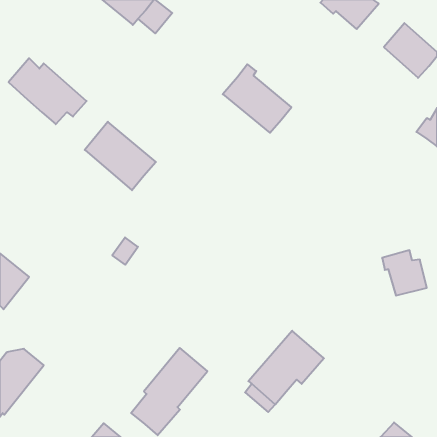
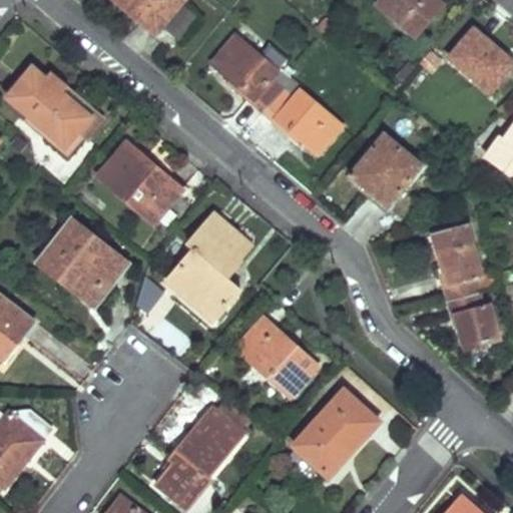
building: none -> [210,35,278,110]
building: none -> [350,135,420,206]
building: none -> [168,213,251,319]
building: none -> [40,221,125,304]
building: none -> [433,226,482,302]
building: none -> [236,318,318,396]

